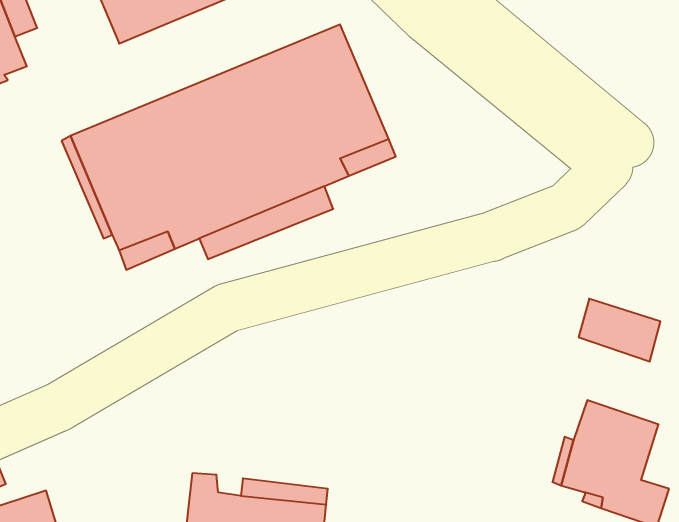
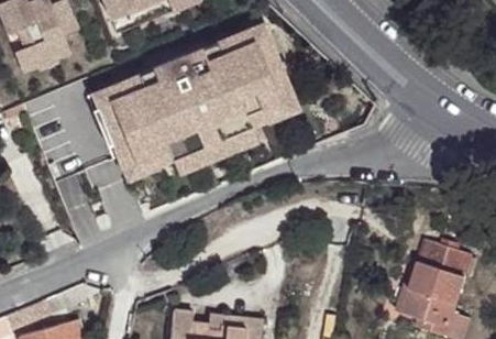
building: [579,299,660,361] -> [419,237,471,276]

